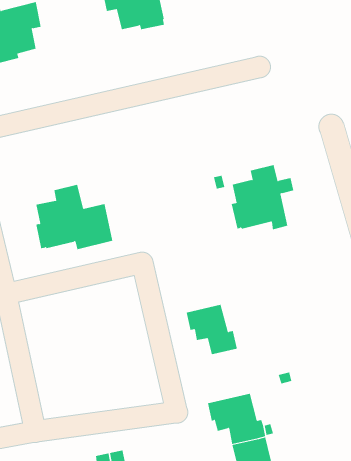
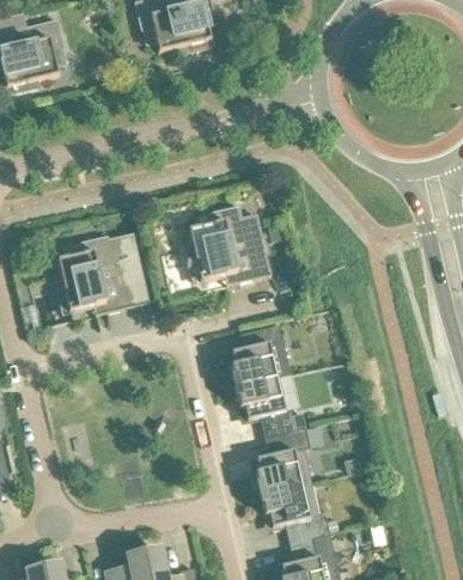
building: [231,164,294,230] -> [187,204,262,282]
building: none -> [230,324,291,386]
building: none -> [255,427,311,494]

